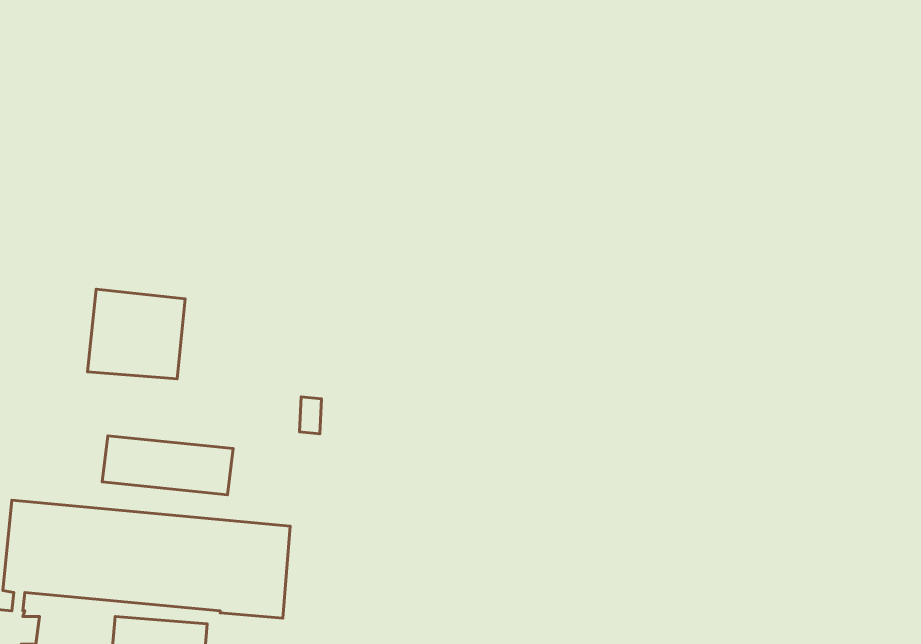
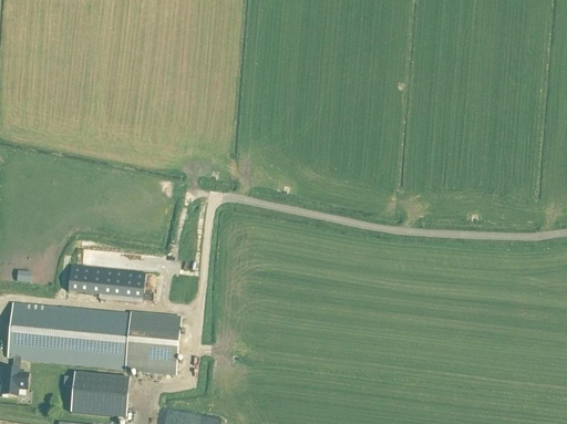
building: [88,289,185,379] -> none

